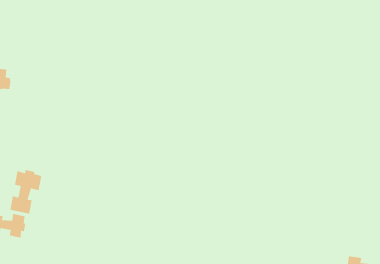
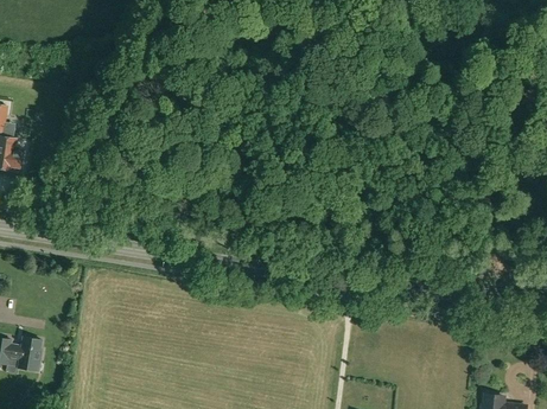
building: [9,169,42,215] -> none

